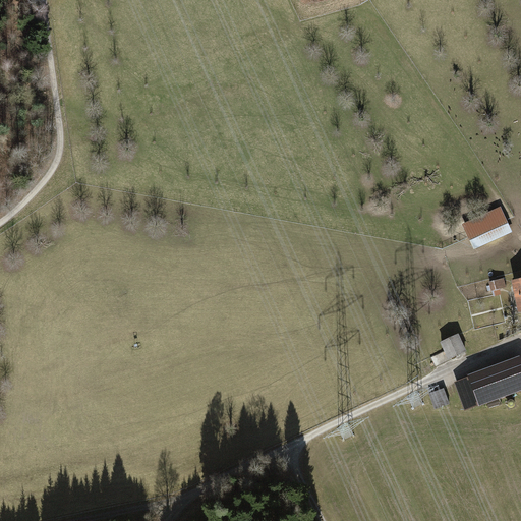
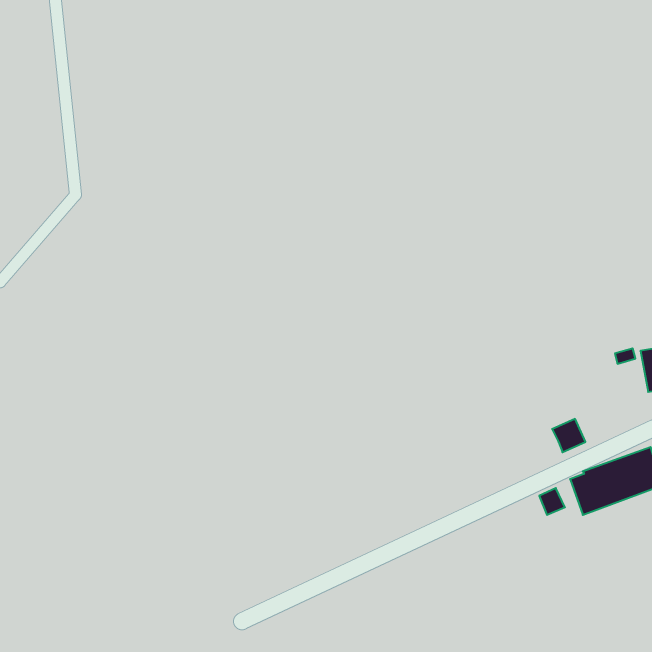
building: [463,206,512,248] -> none

